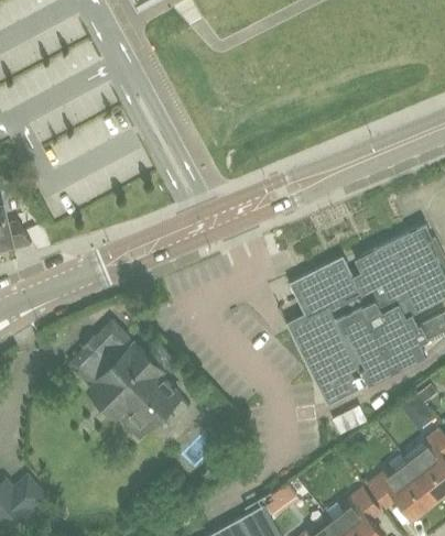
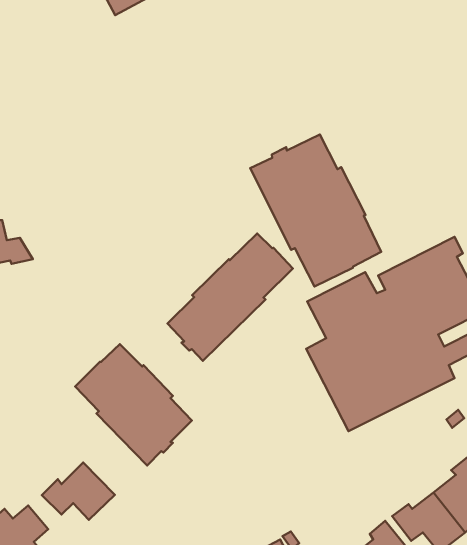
building: none -> [250,135,381,286]
building: none -> [168,234,293,361]
building: none -> [42,463,115,520]

